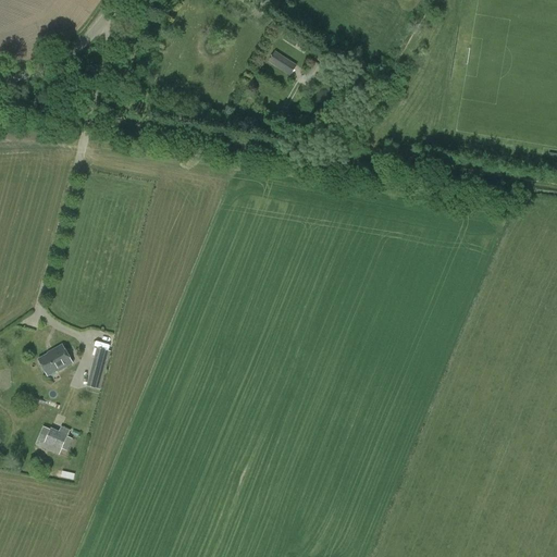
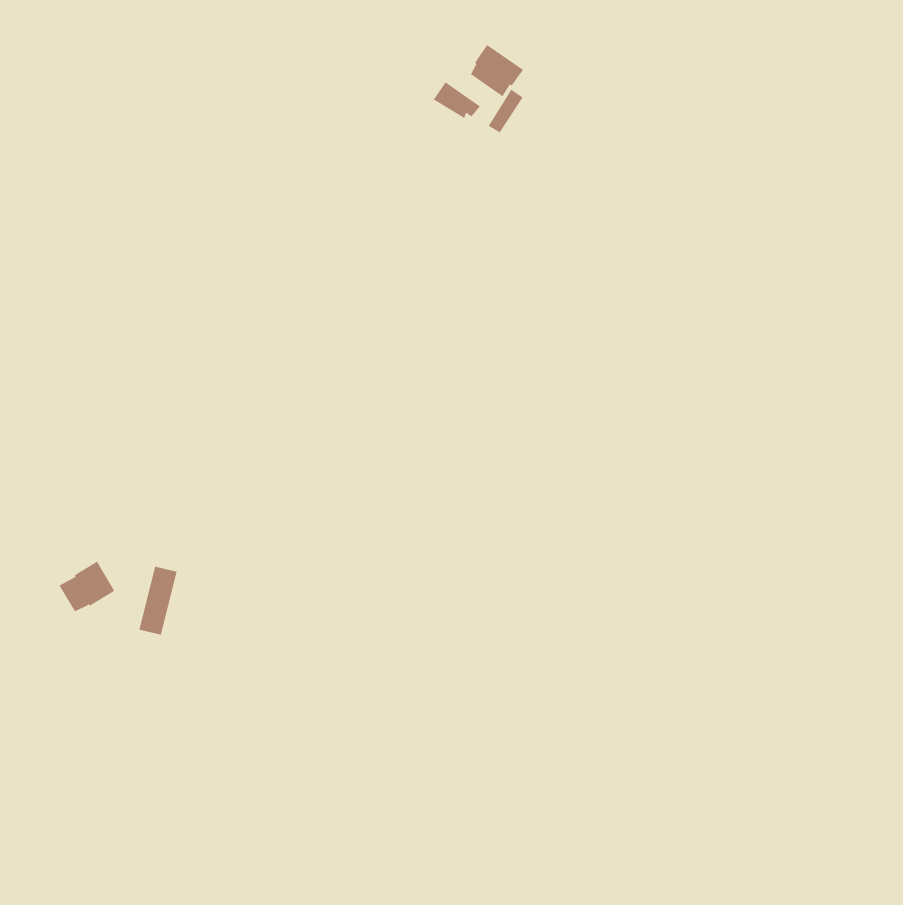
building: none -> [470,44,524,97]
building: [40,425,69,455] -> none

